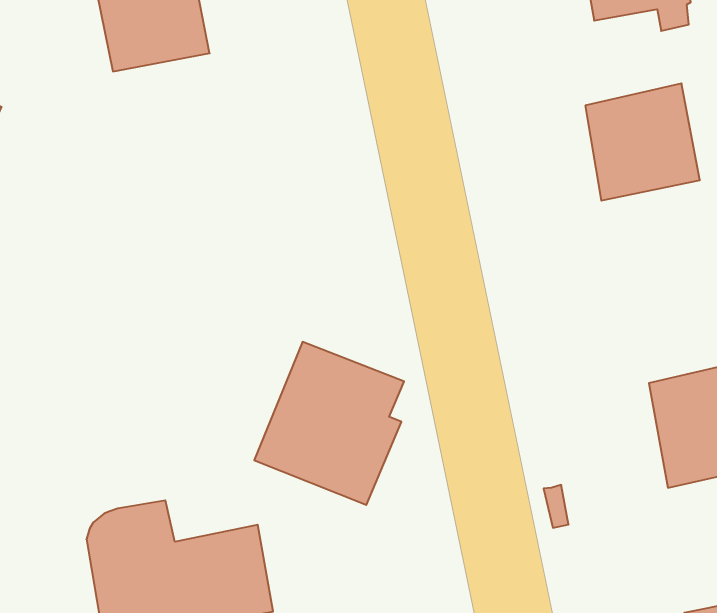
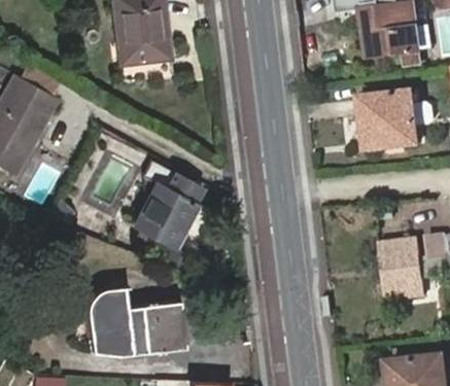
building: [254,342,404,505] -> [119,159,200,245]

